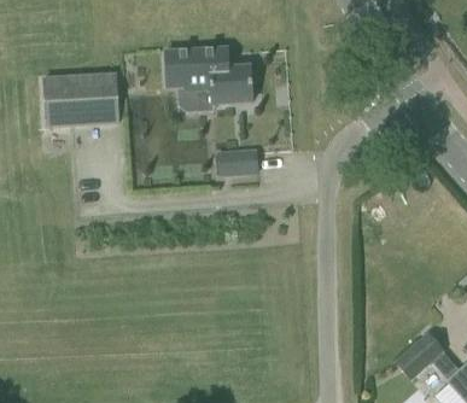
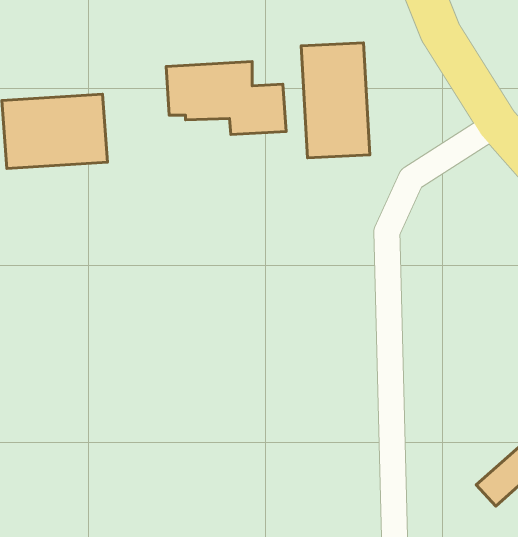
building: none -> [301,43,370,158]
building: [218,150,258,173] -> none

